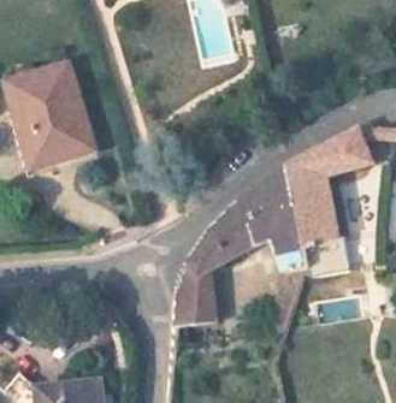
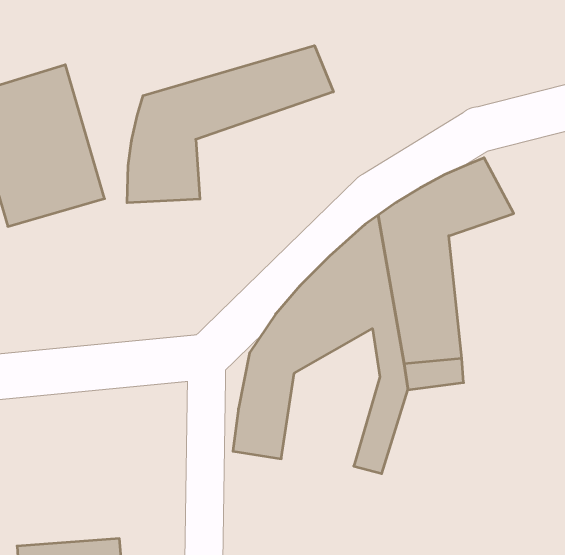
building: none -> [127,46,333,203]

